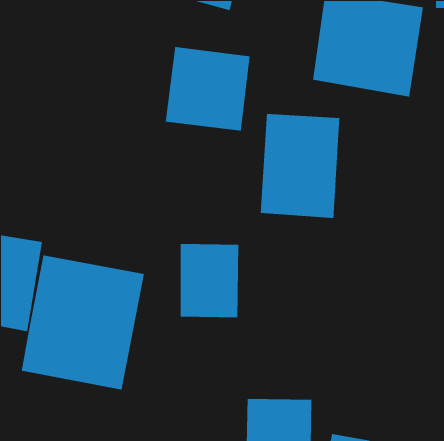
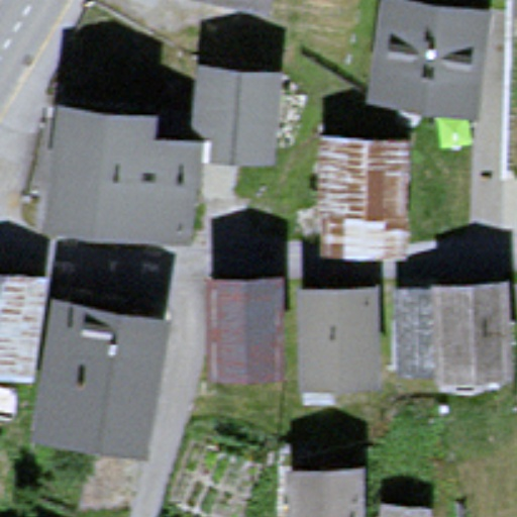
building: none -> [47,111,201,246]
building: none -> [410,289,512,381]
building: none -> [302,292,385,390]

